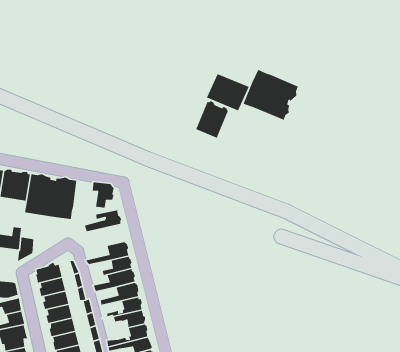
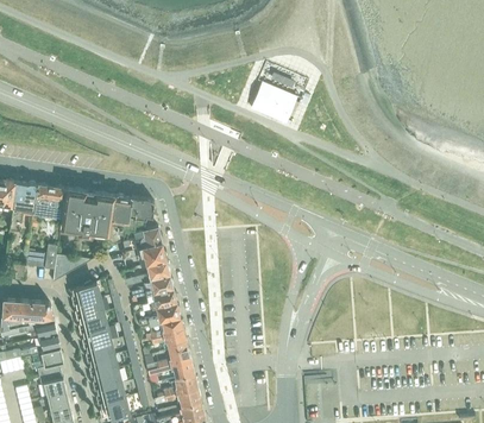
building: [243,69,299,121] -> none
building: [195,100,229,139] -> none
building: none -> [112,196,137,239]
building: none -> [121,244,168,266]

